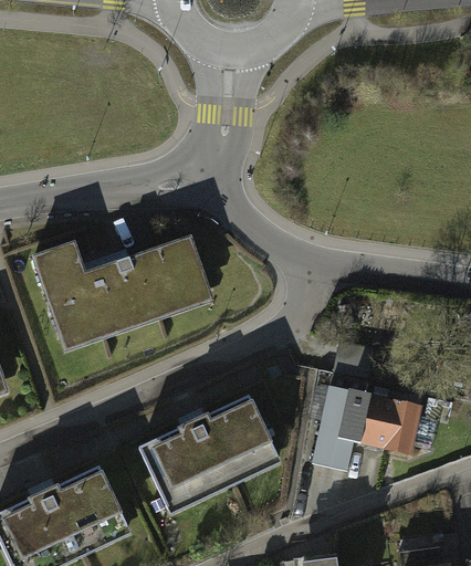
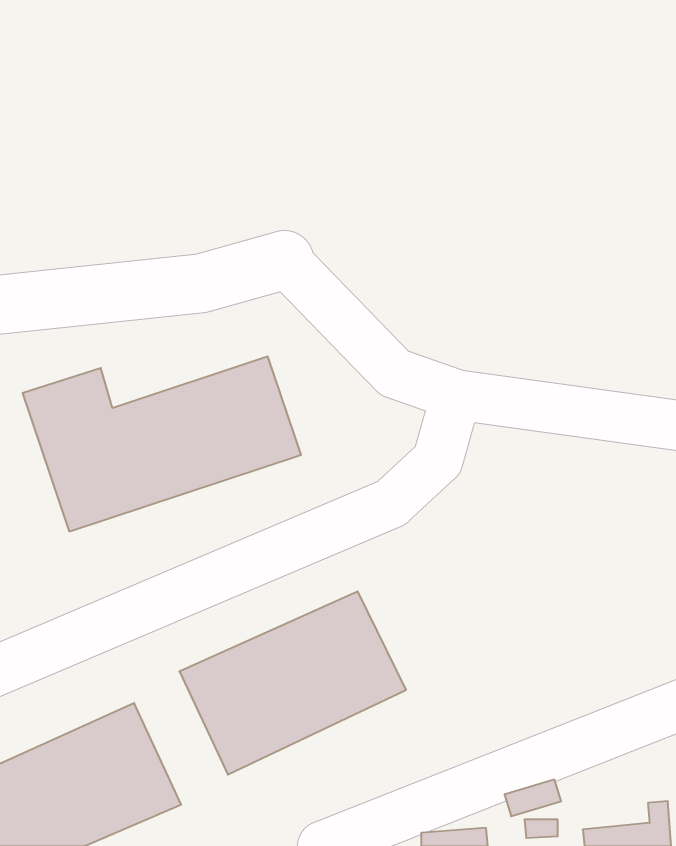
building: [313,371,437,472] -> none

